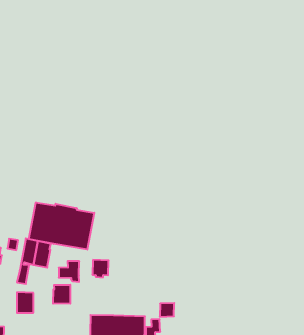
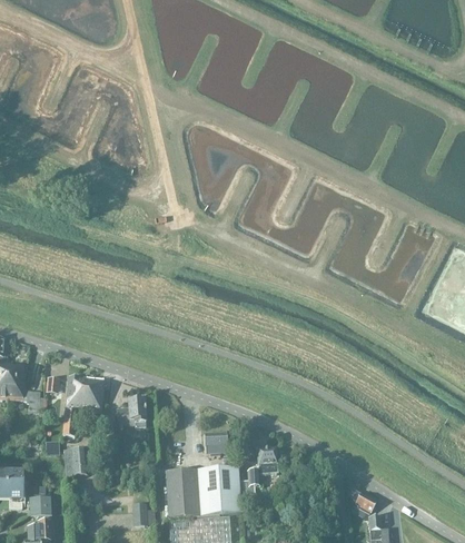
building: [29,202,94,250] -> none
building: [92,260,109,277] -> [206,432,228,455]
building: [53,285,70,304] -> none

